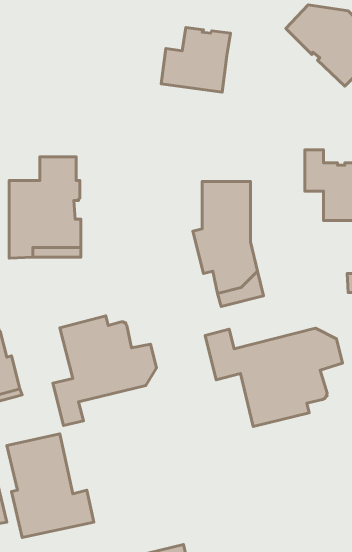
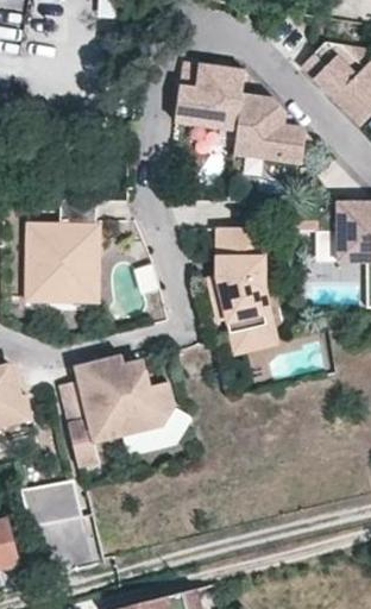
building: none -> [235,94,307,158]
building: [205,328,343,427] -> none

